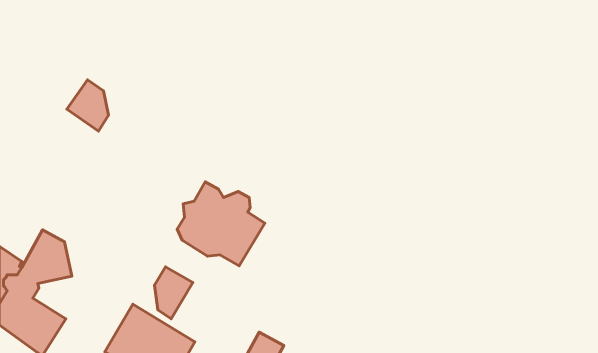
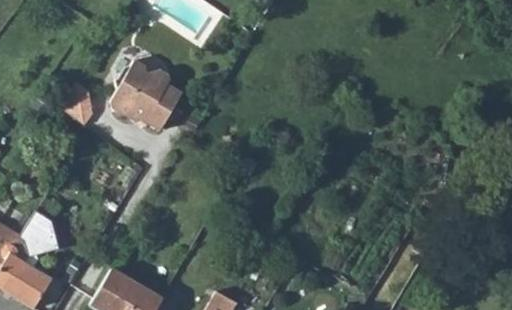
building: [177,182,265,266] -> [109,62,181,131]
building: [155,267,193,319] -> none

